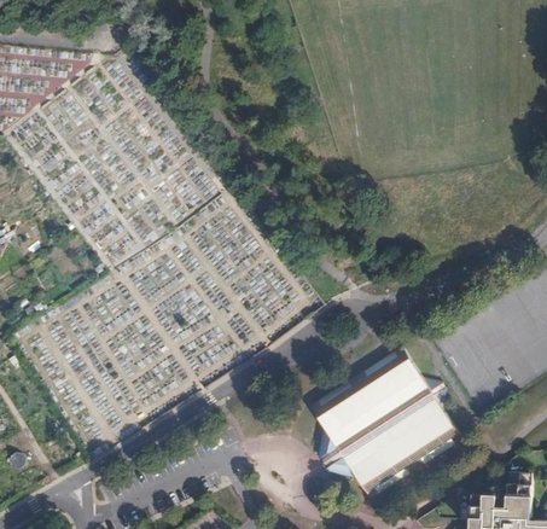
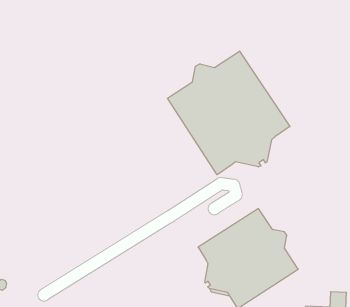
building: none -> [167,51,290,175]

